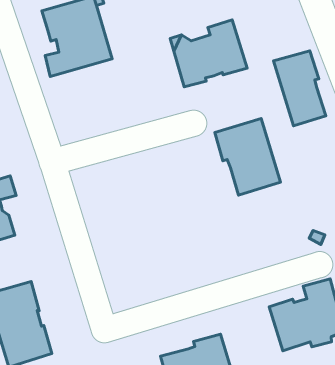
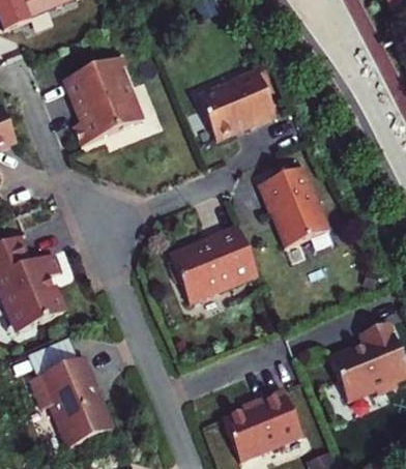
building: [274,51,326,126] -> none
building: none -> [170,224,258,302]

